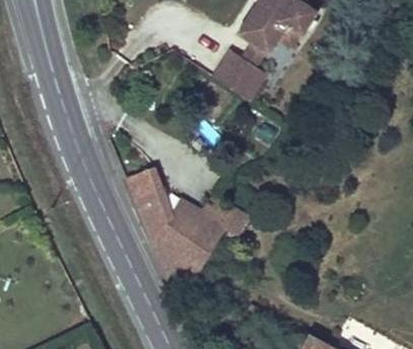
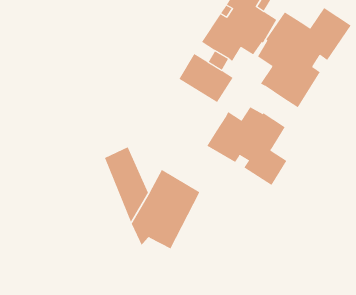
building: none -> [257,7,351,108]
building: none -> [207,106,287,186]

